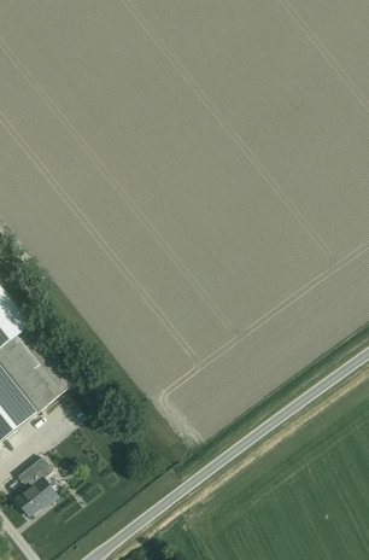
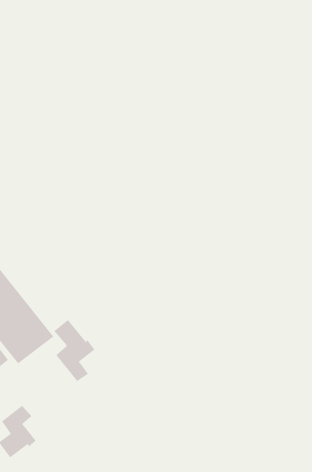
building: none -> [54,319,95,382]

